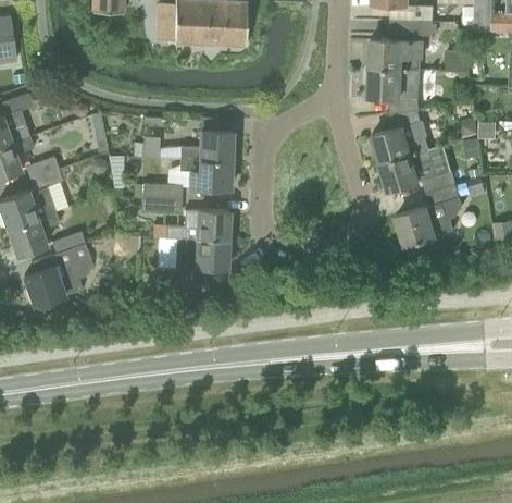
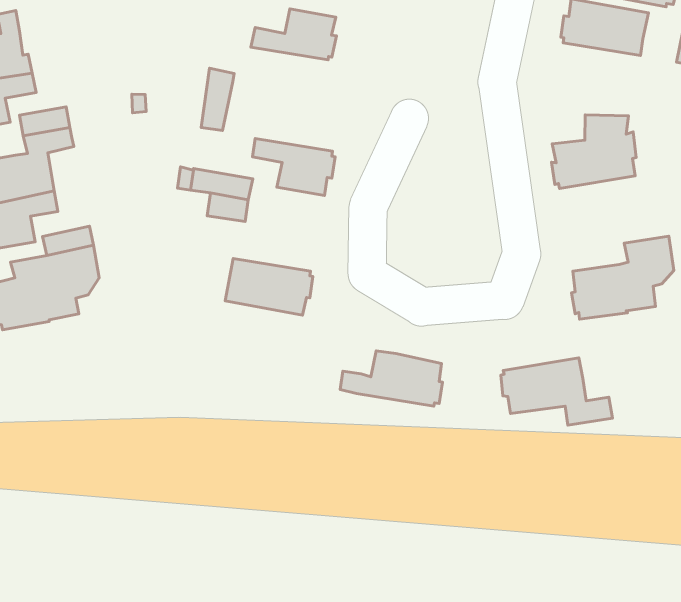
building: [366,70,421,114] -> none
building: [179,132,234,161] -> [251,9,337,60]
building: [379,149,455,194] -> [501,358,612,425]
building: [165,210,230,241] -> [340,351,442,406]

